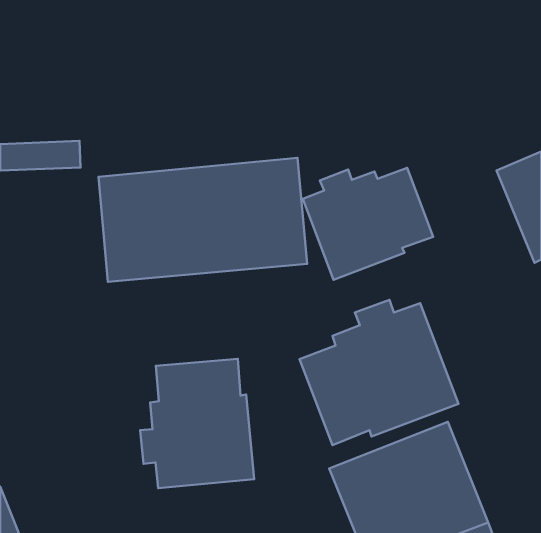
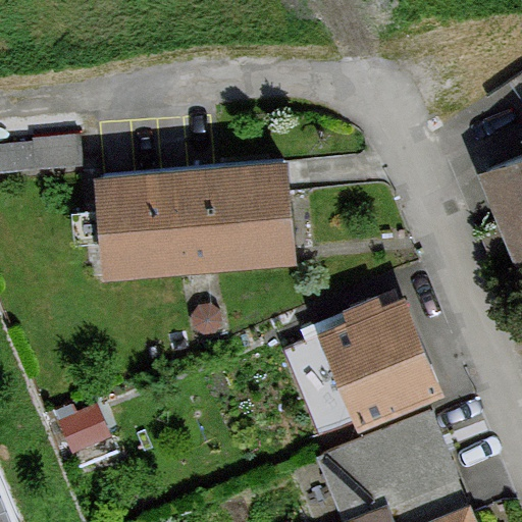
building: [303,168,433,280] -> none
building: [140,359,254,488] -> none

